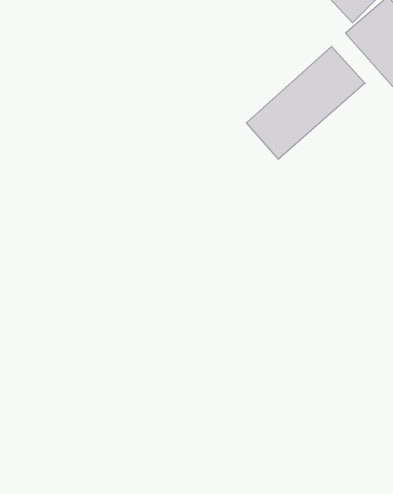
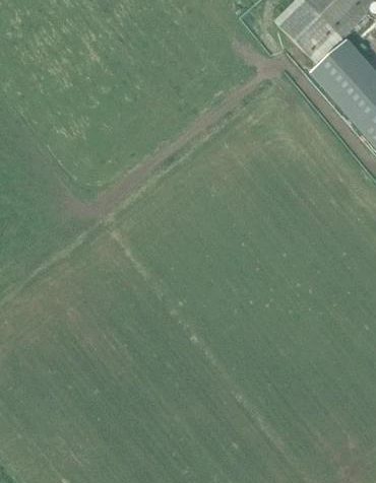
building: [246,47,365,159] -> none

